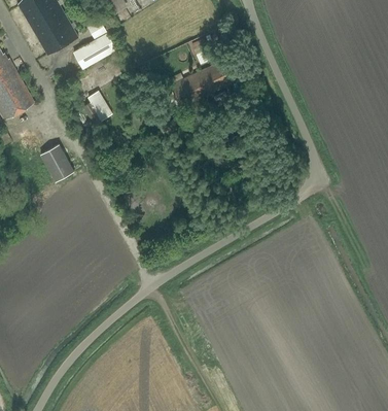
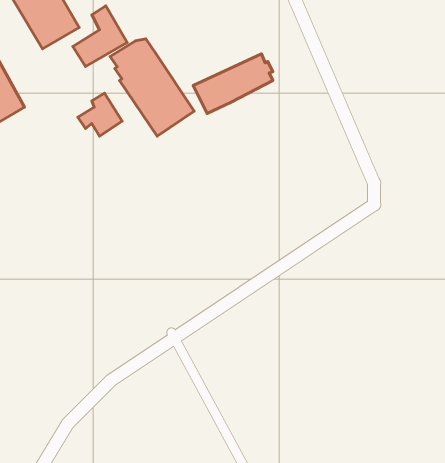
building: none -> [110,39,194,136]
building: [39,144,73,182] -> none

